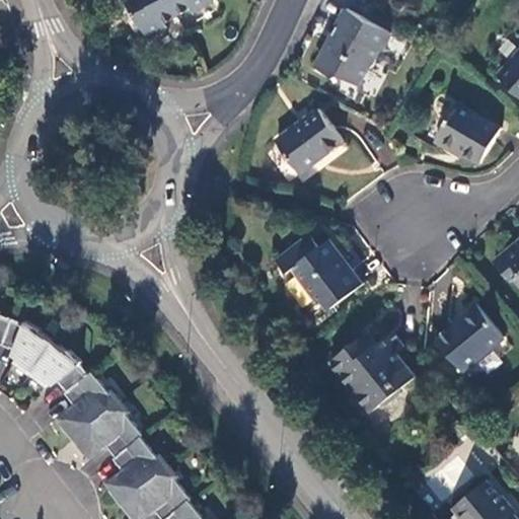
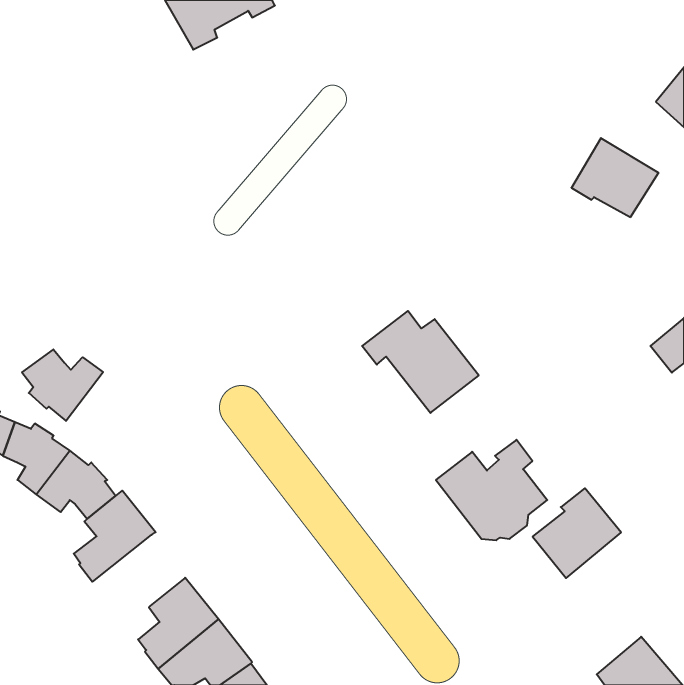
building: [313,10,388,84] -> none
building: [274,110,341,173] -> none
building: none -> [22,349,103,421]
building: [435,305,502,373] -> [533,488,621,578]
building: [70,404,140,460] -> none

